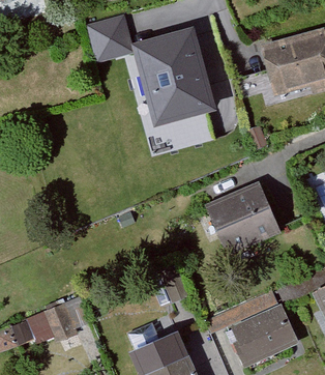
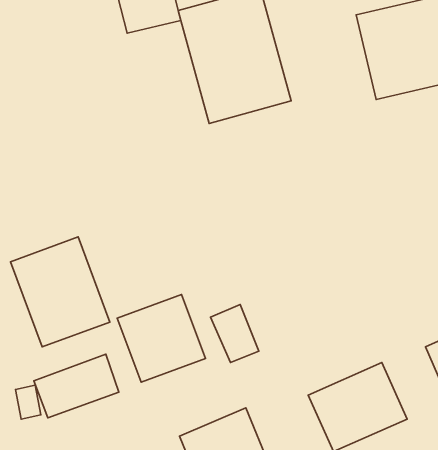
building: [208,182,292,261] -> none
building: none -> [10,237,110,347]
building: none -> [117,294,205,382]

